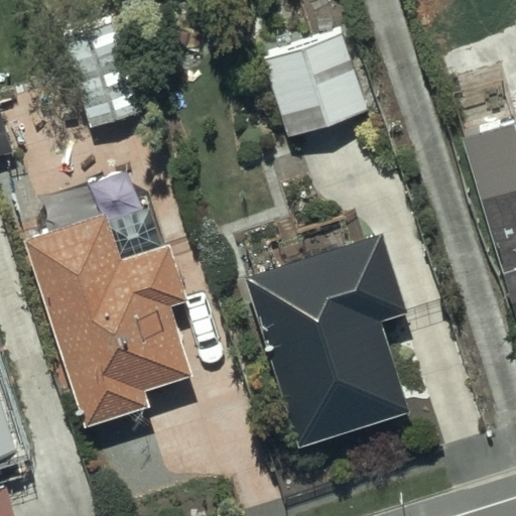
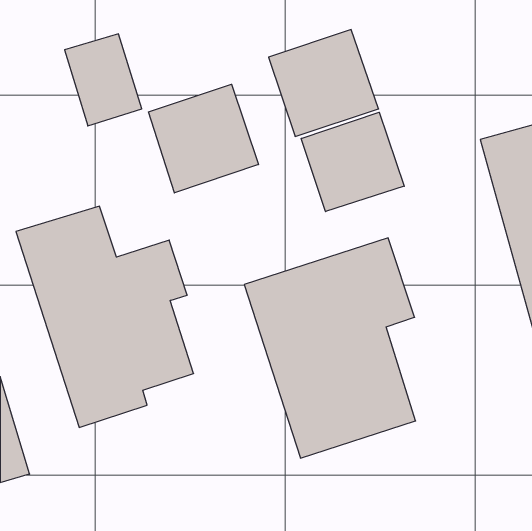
building: none -> [148,84,258,193]
building: none -> [301,112,404,212]

